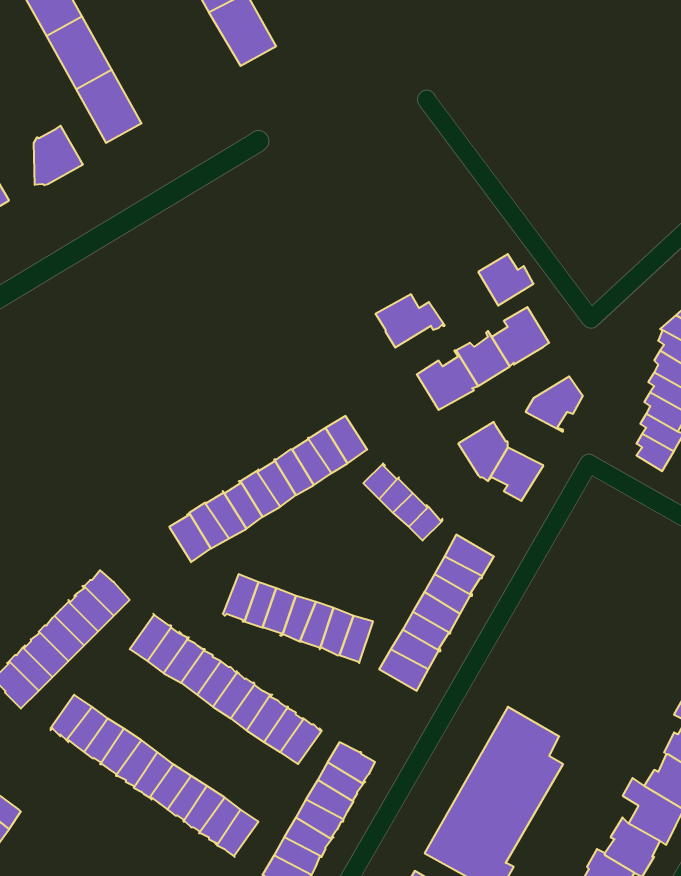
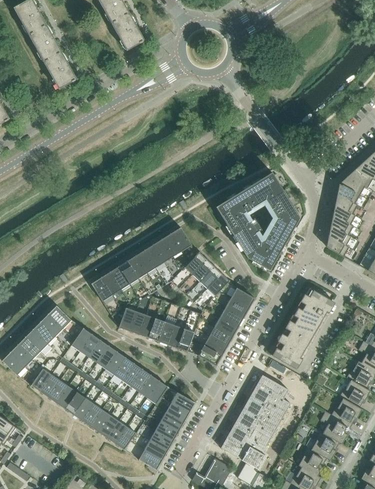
building: [34,126,83,185] -> none
building: [478,254,534,306] -> [265,192,293,218]
building: [375,294,445,348] -> [227,214,262,241]
building: none -> [261,225,290,252]
building: none -> [273,288,332,368]

